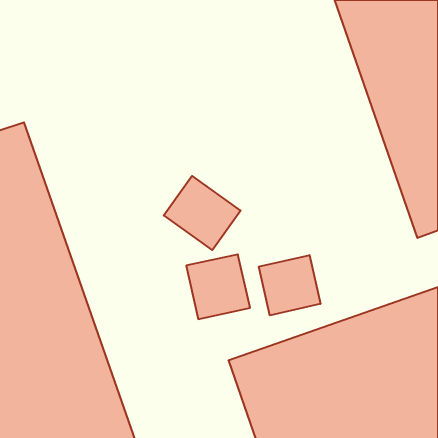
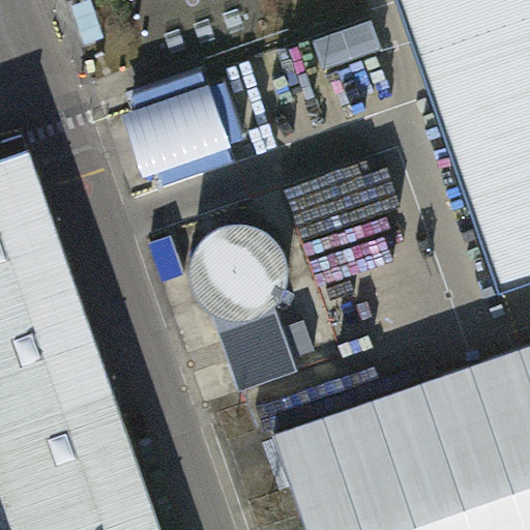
building: none -> [125,70,245,185]
building: [259,255,320,315] -> none

